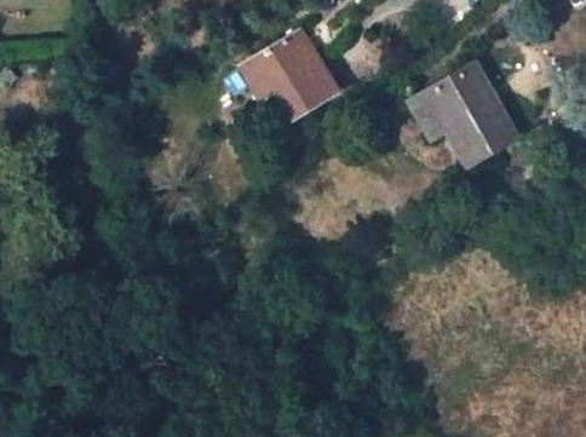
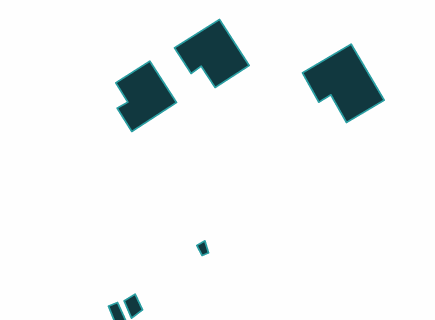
building: none -> [116,61,177,132]

